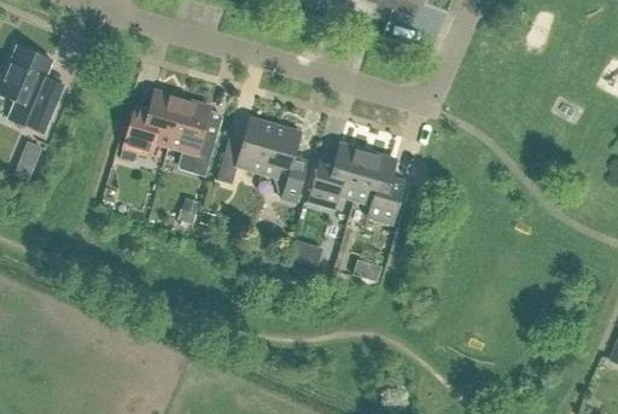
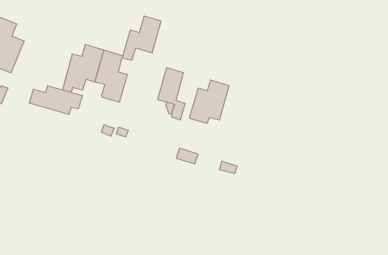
building: [217,116,275,181] -> [122,16,161,60]
building: none -> [30,86,83,115]
building: [354,150,404,222] -> none

